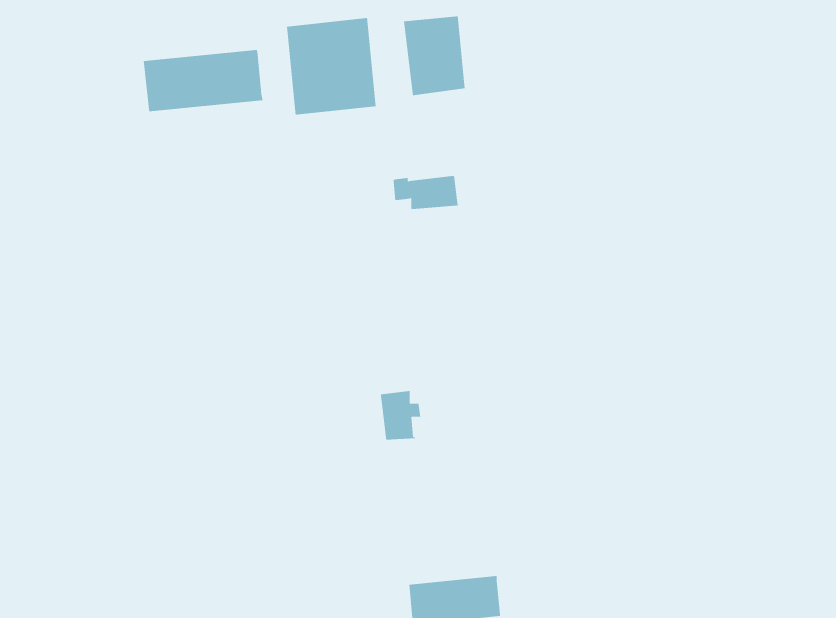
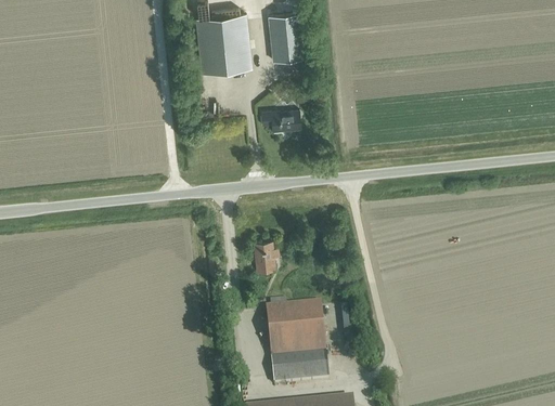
building: [143,49,263,112] -> none
building: none -> [266,301,325,358]

